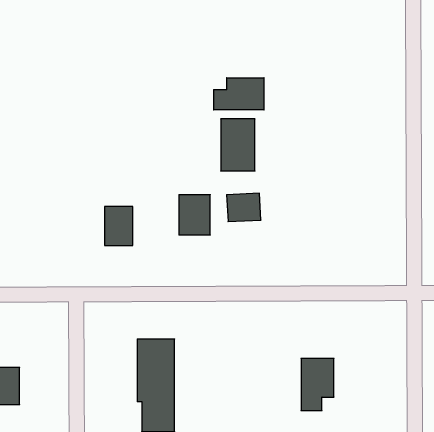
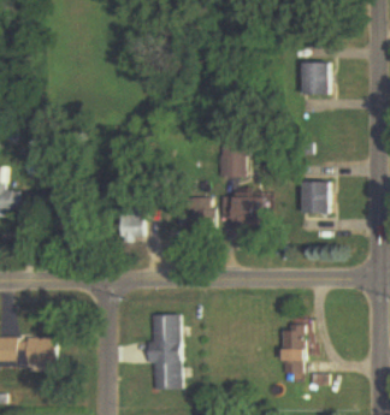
building: none -> [305,64,331,96]
building: [214,78,264,110] -> none
building: none -> [302,182,332,213]

